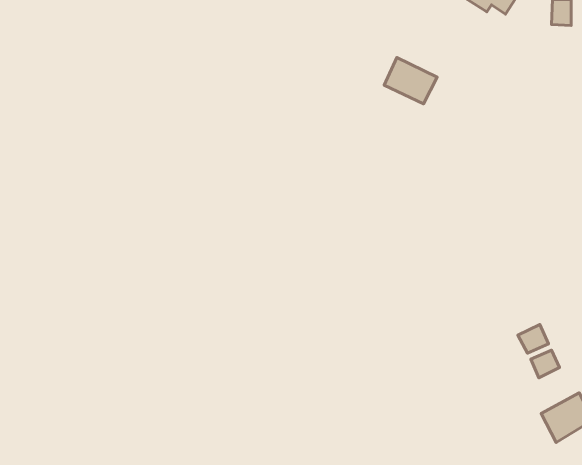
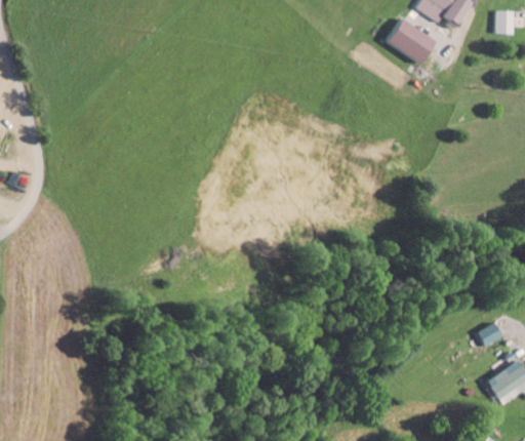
building: [384,58,437,104] -> [387,21,434,62]
building: [518,324,549,353] -> none

